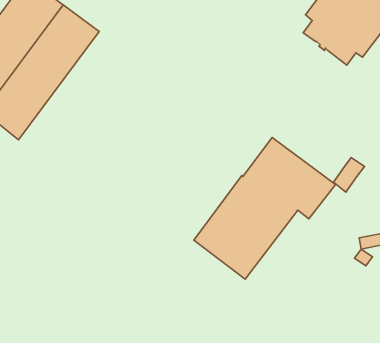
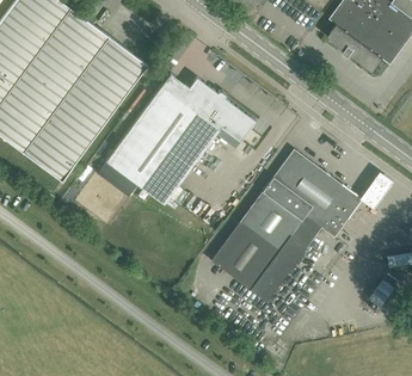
building: none -> [21,36,147,180]
building: none -> [104,73,253,203]

